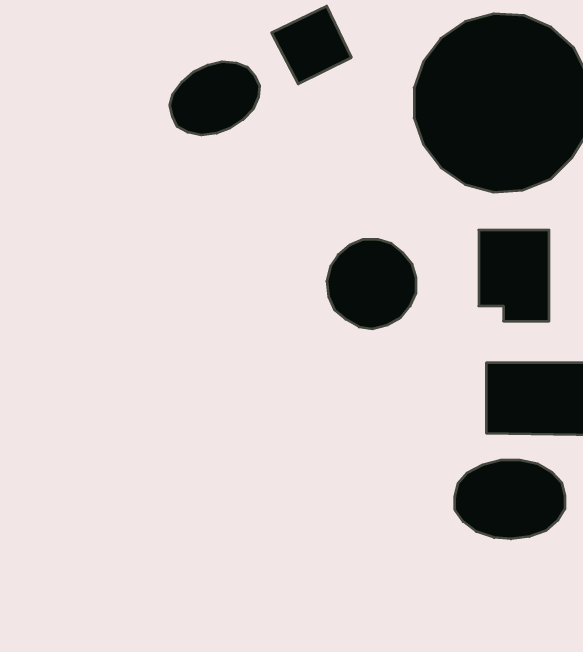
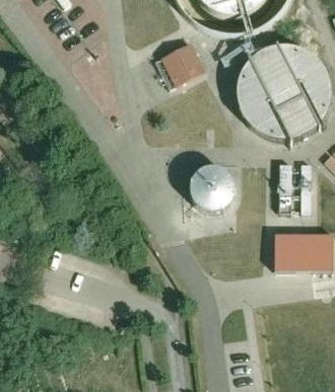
building: [170,62,260,135] -> none
building: [455,460,565,539] -> none

